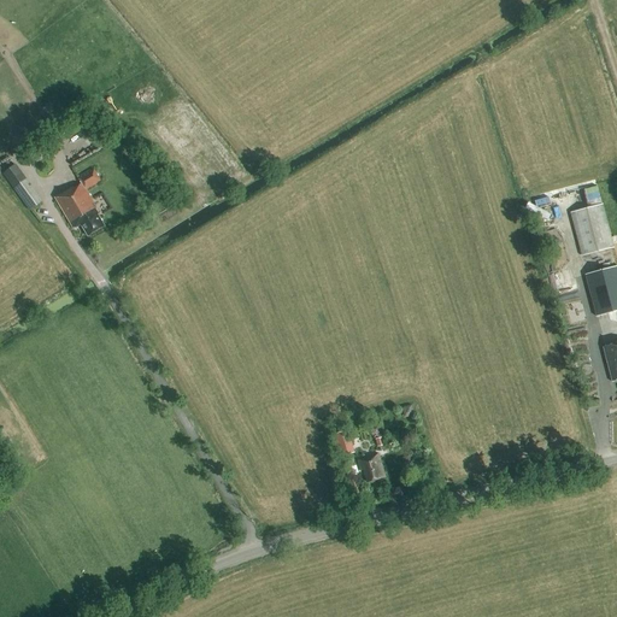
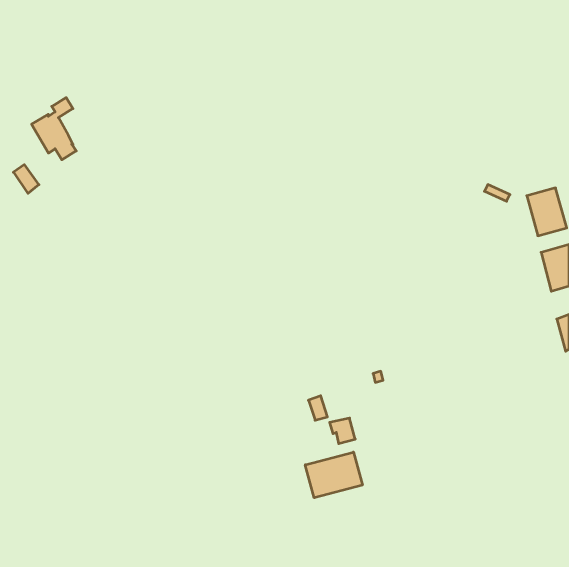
building: [55,168,104,235] -> [32,98,76,160]
building: none -> [305,452,362,498]

